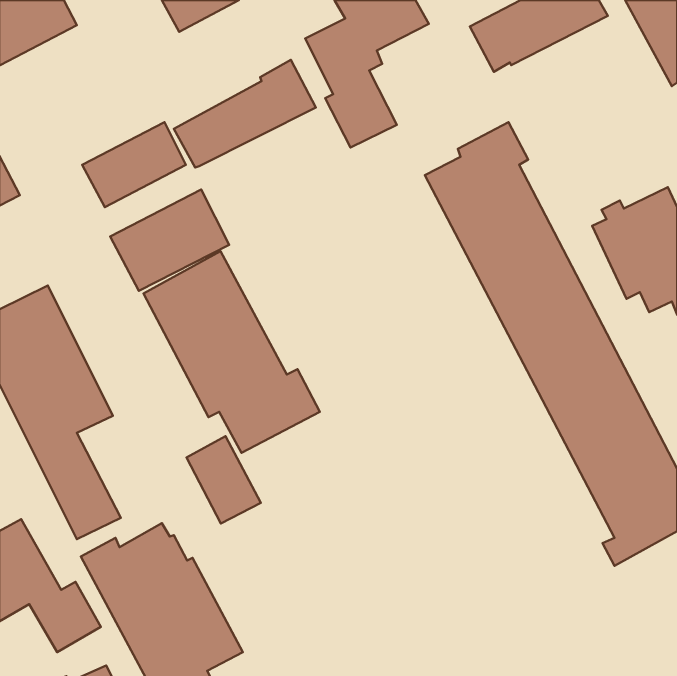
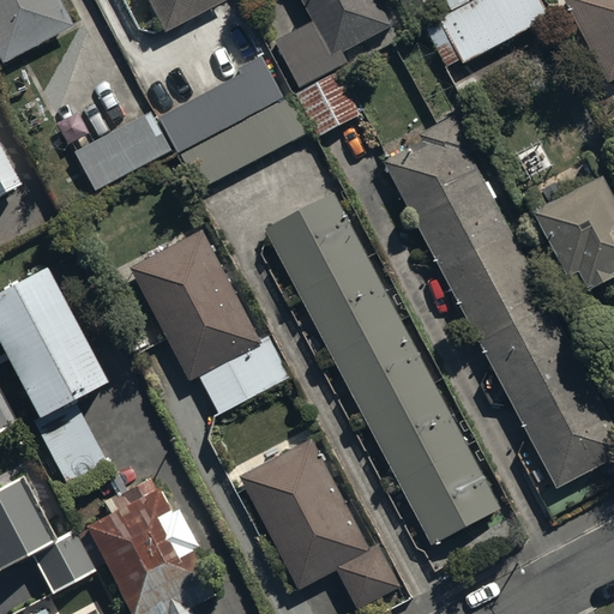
building: [110,190,229,291] -> none
building: none -> [265,192,498,542]
building: [187,436,261,523] -> none
building: none -> [242,439,399,608]

